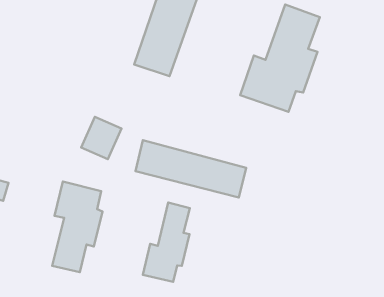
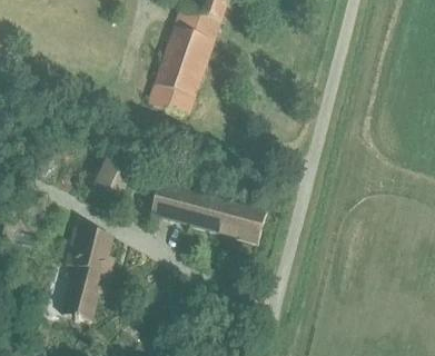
building: [240,4,320,112] -> none
building: [143,203,190,282] -> none

